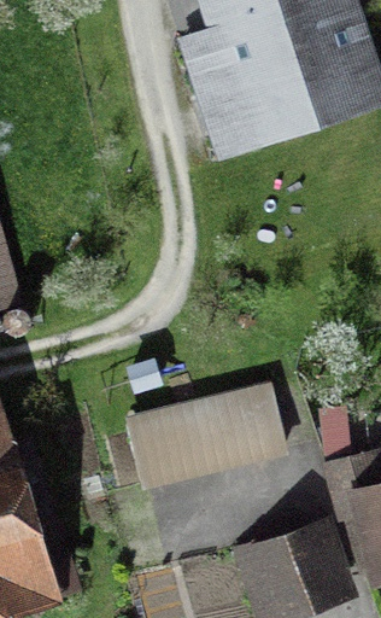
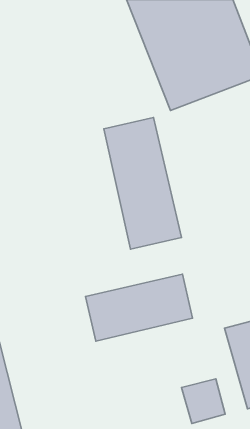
building: none -> [104,117,181,249]

